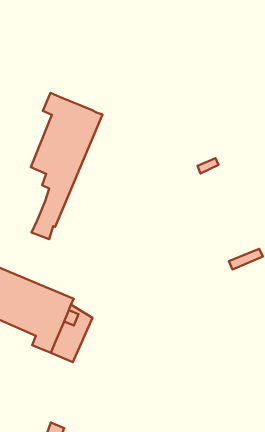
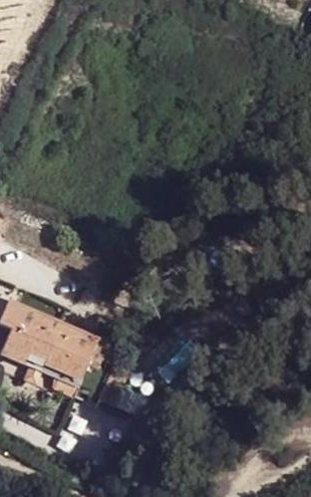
building: [31,93,102,239] -> none

